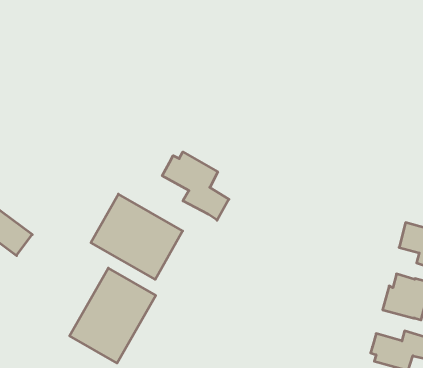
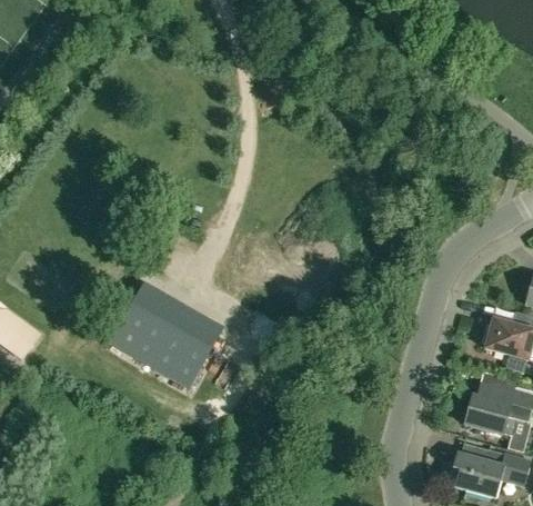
building: [162,152,229,220] -> none
building: [70,268,156,363] -> none

